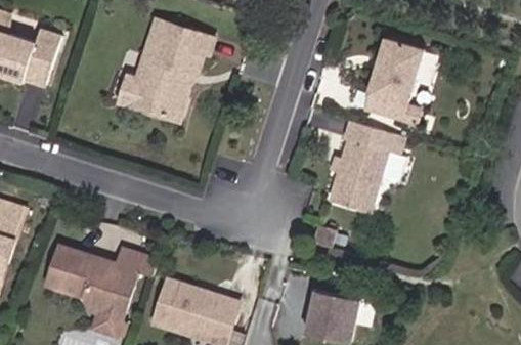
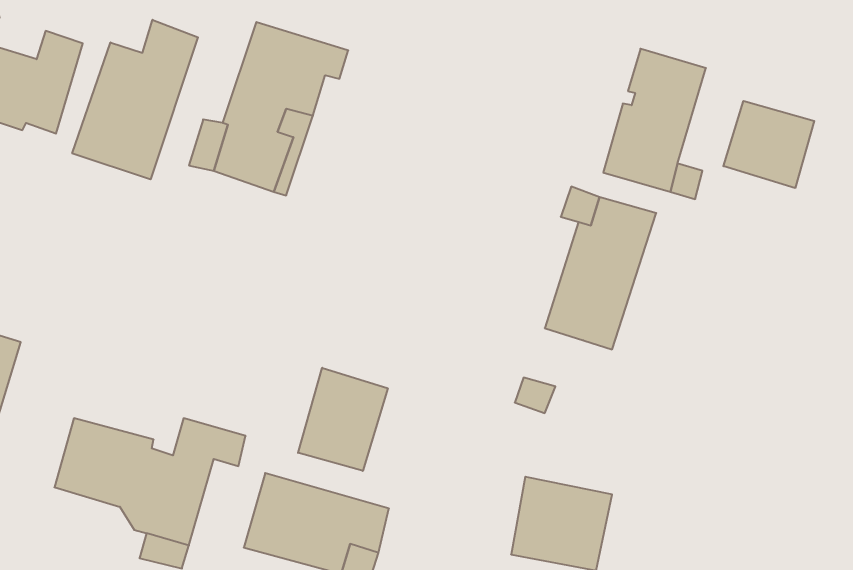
building: none -> [72,20,198,179]
building: none -> [723,101,814,188]
building: none -> [298,368,388,471]

